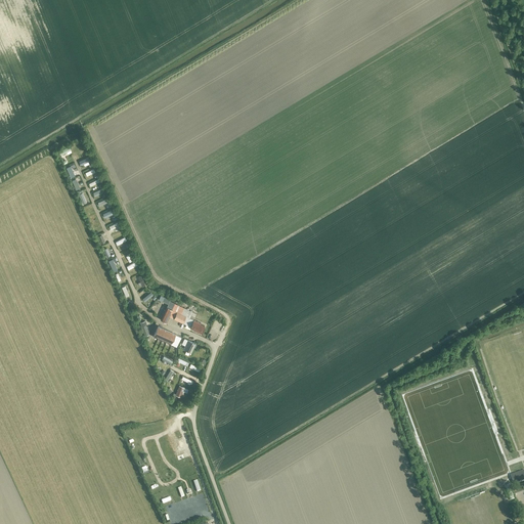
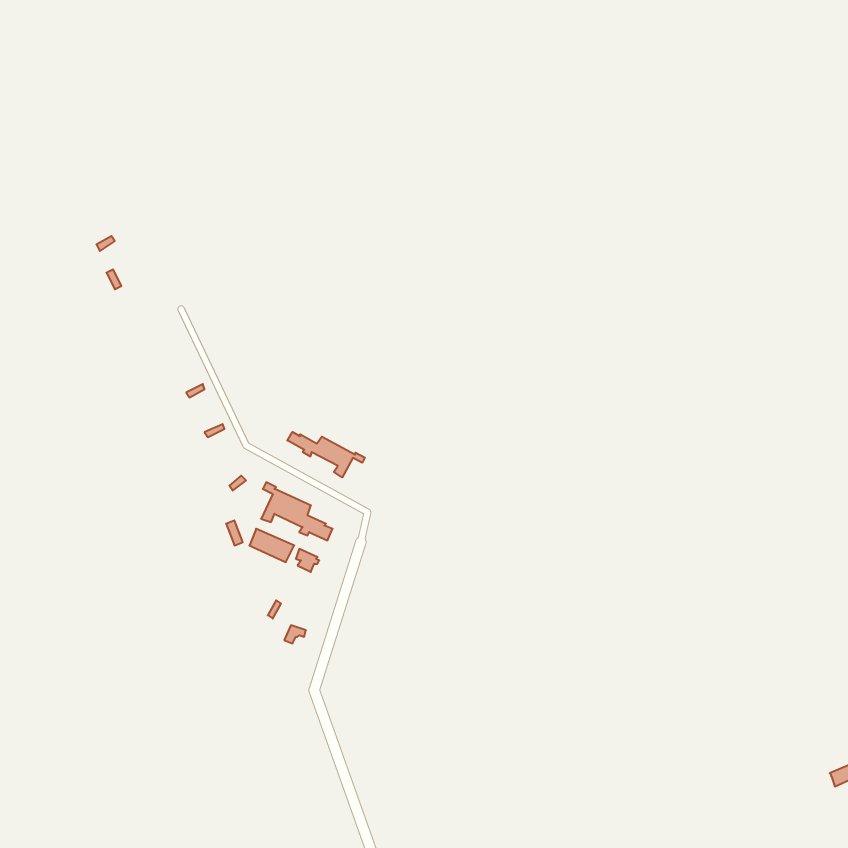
building: none -> [287,432,365,477]

